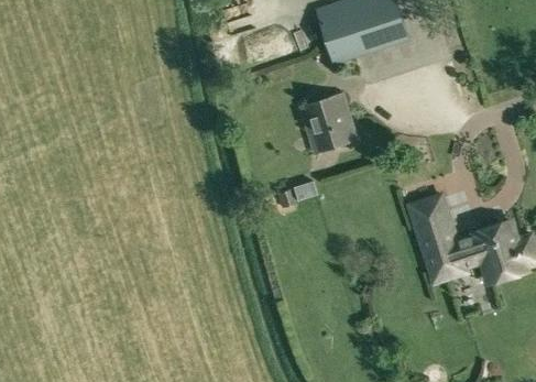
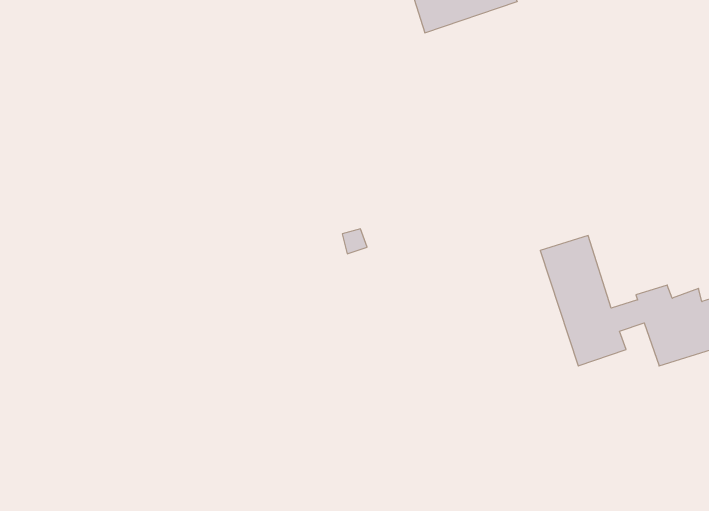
building: [299,94,357,152] -> none

